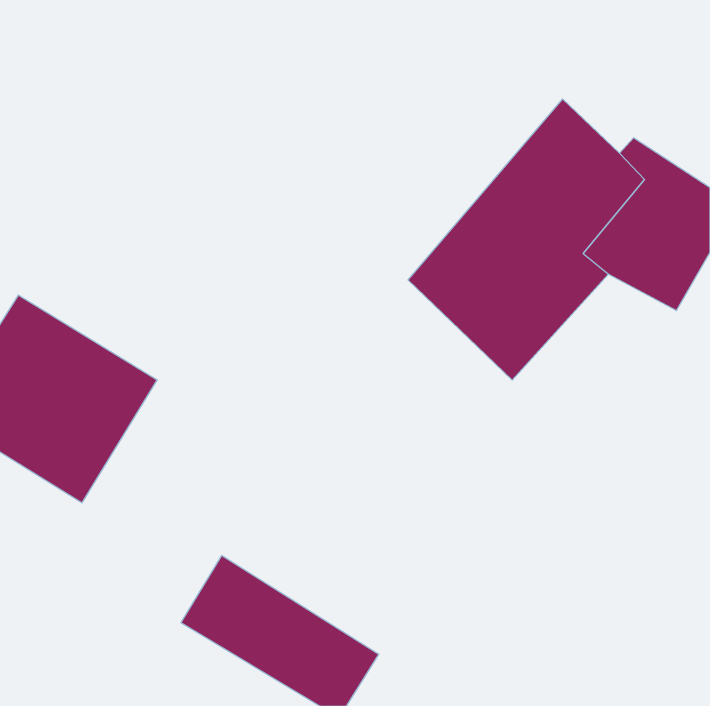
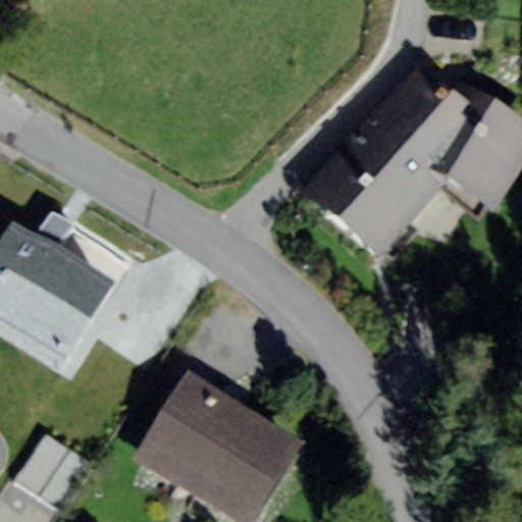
building: none -> [162,367,303,479]
building: none -> [15,431,96,511]

